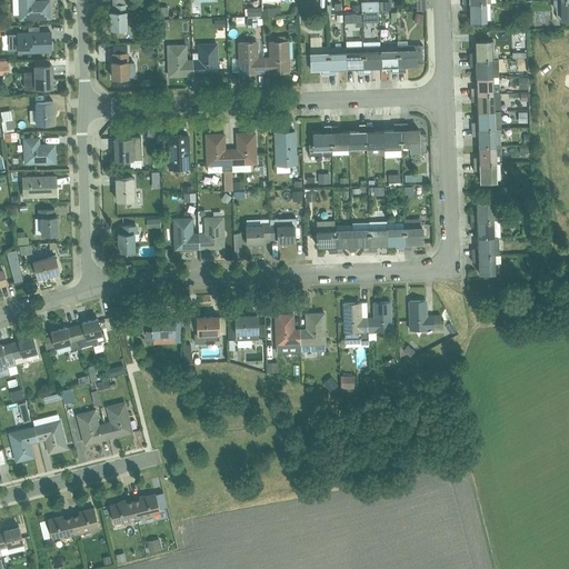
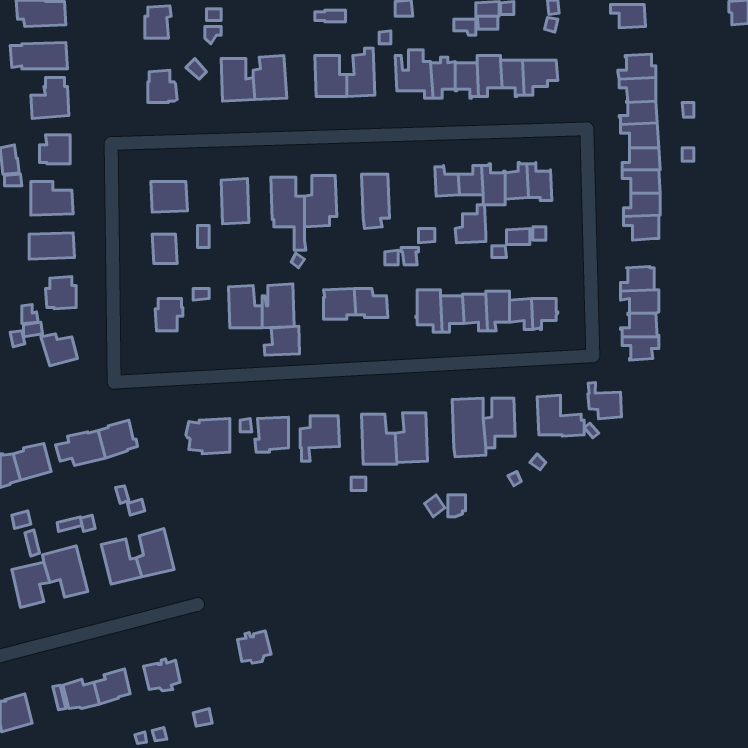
building: [308,127,331,156] -> [455,205,486,243]
building: none -> [264,326,299,355]
building: none -> [588,382,621,419]
building: [133,495,159,519] -> [237,631,271,663]

